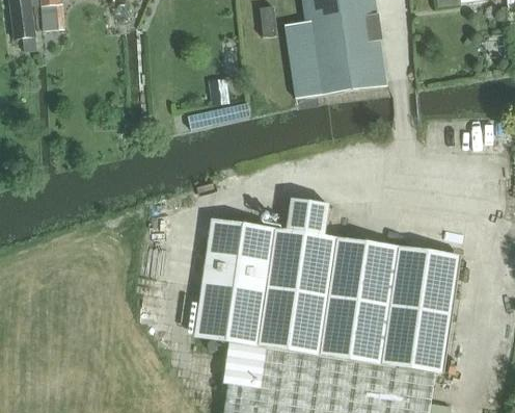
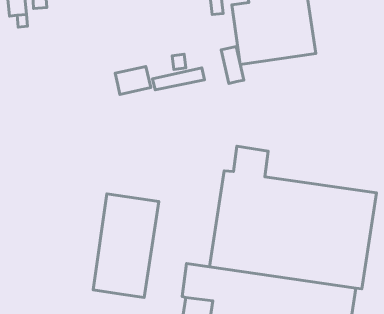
building: none -> [221,46,244,84]
building: none -> [115,66,151,95]
building: [195,220,275,346] -> [93,194,159,297]

